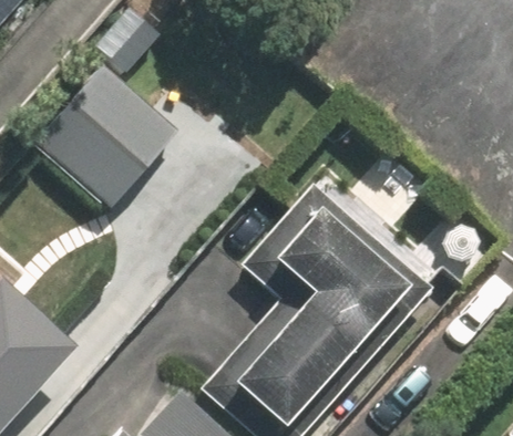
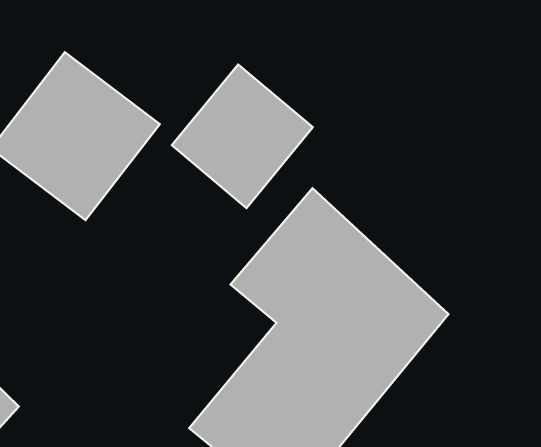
building: none -> [172,64,313,208]

